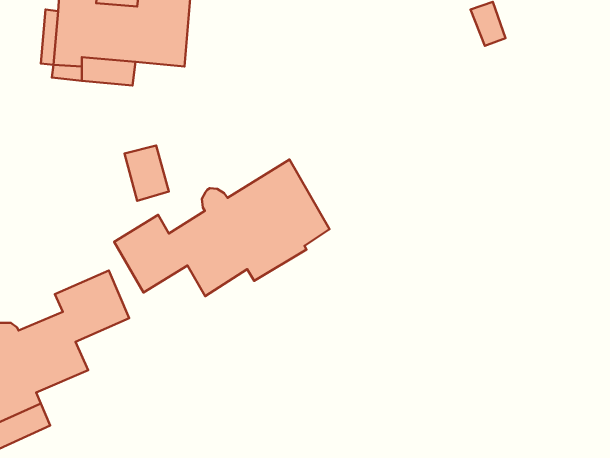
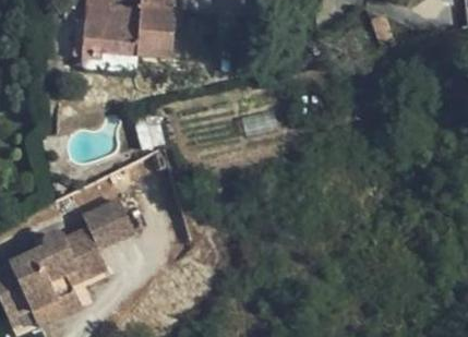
building: [114,159,329,296] -> none

